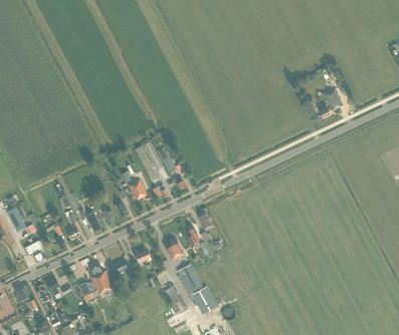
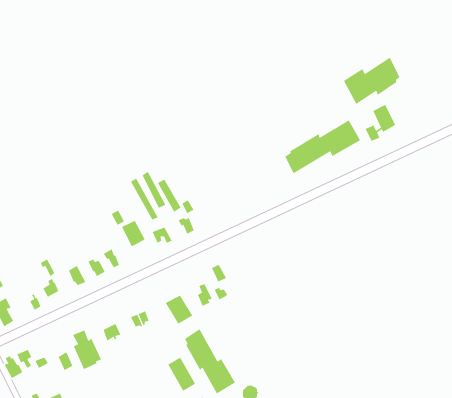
building: none -> [343,57,400,105]
building: none -> [284,119,361,174]

